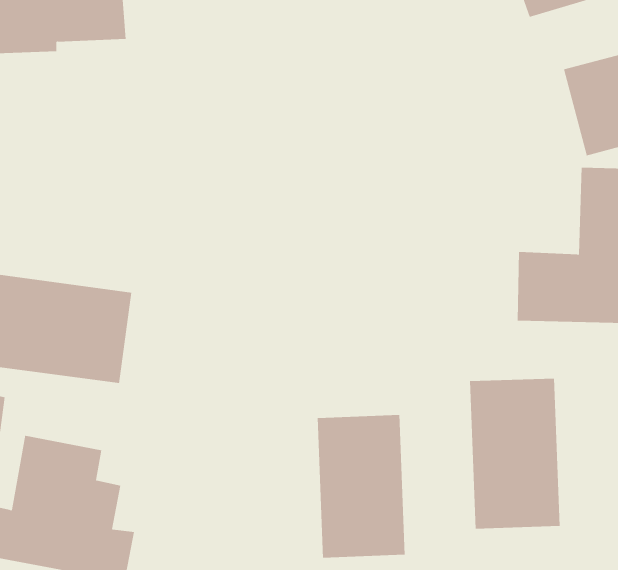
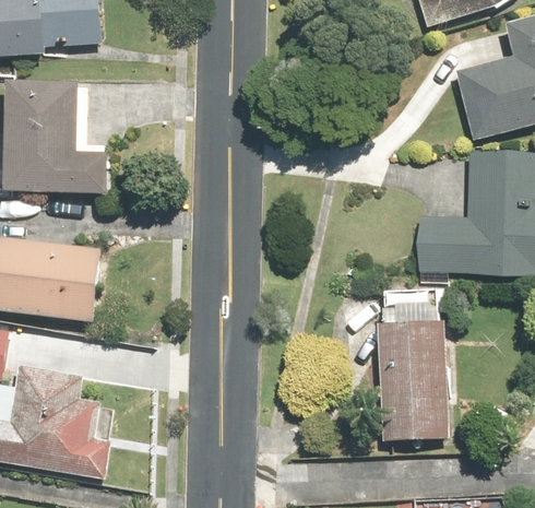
building: none -> [5,79,112,193]
building: [317,414,405,559] -> none

